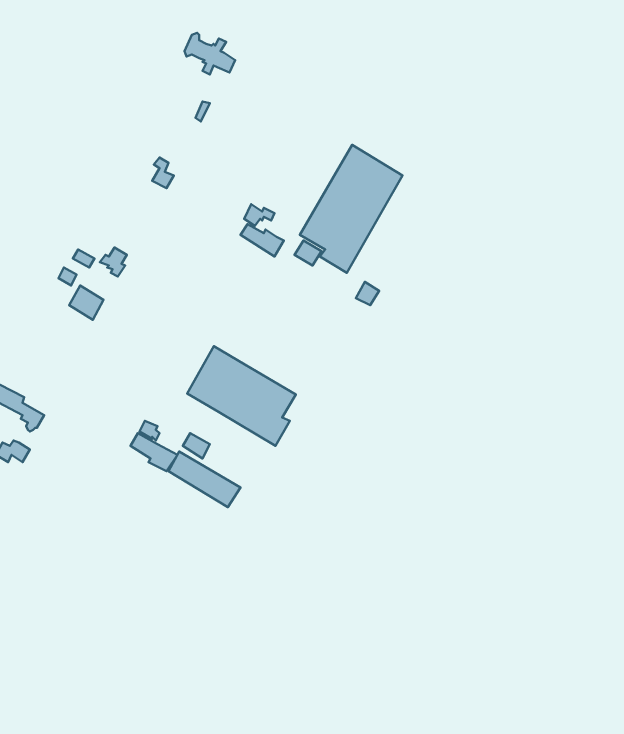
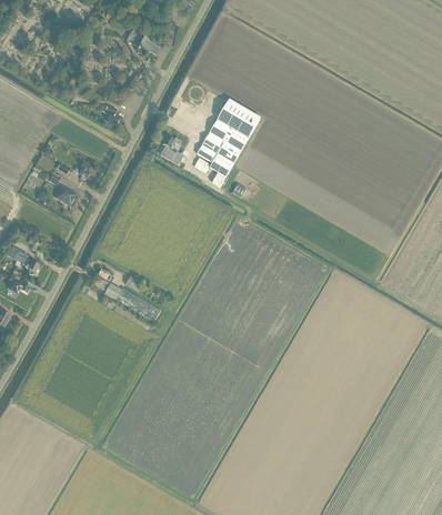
building: [187,346,296,446] -> none

